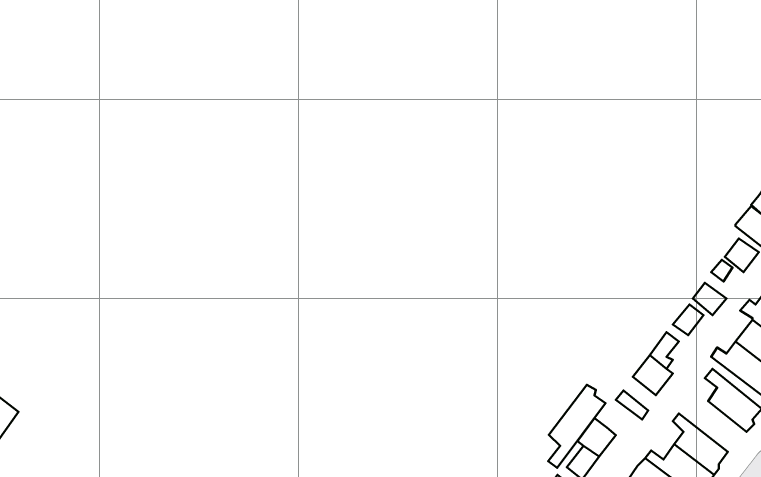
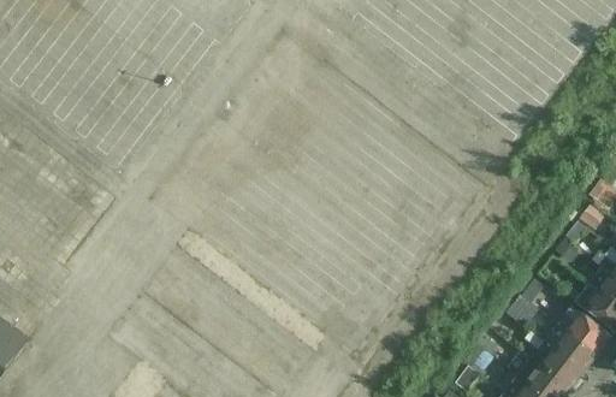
building: [548,385,606,468] -> none
building: none -> [543,331,596,371]

